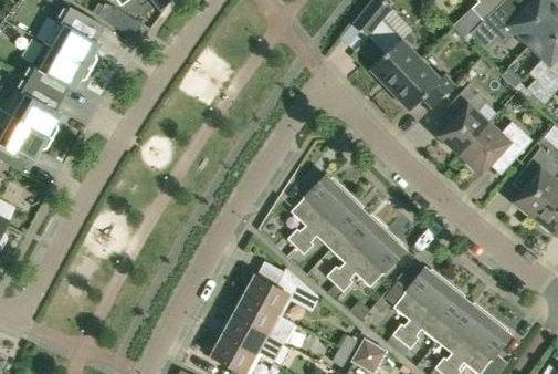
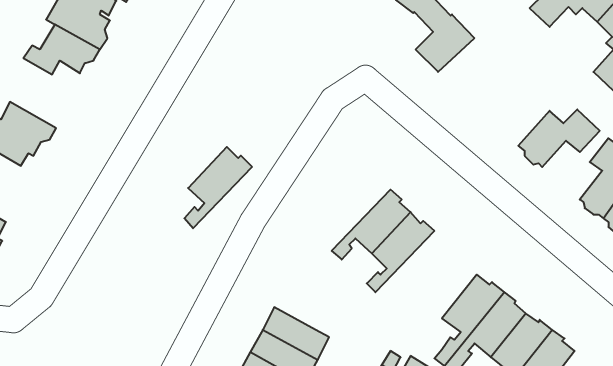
building: [389,59,454,110] -> none
building: [11,76,60,138] -> none
building: [440,83,487,154] -> none
building: [287,175,347,247] -> [184,147,252,228]
building: [328,229,404,299] -> none
building: [244,276,292,316] -> none

